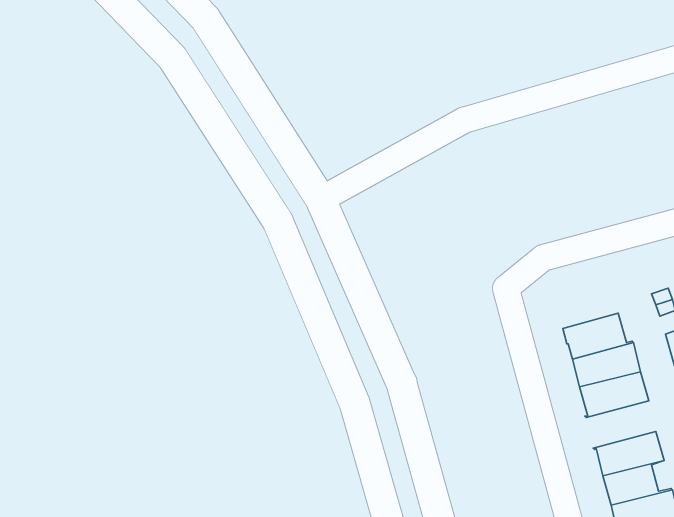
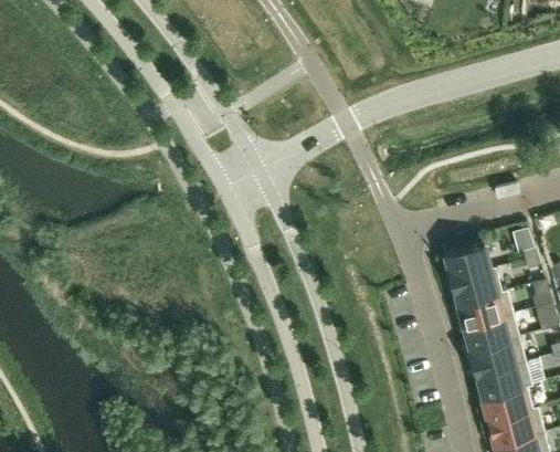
building: none -> [445,246,495,282]
building: none -> [469,339,525,377]

